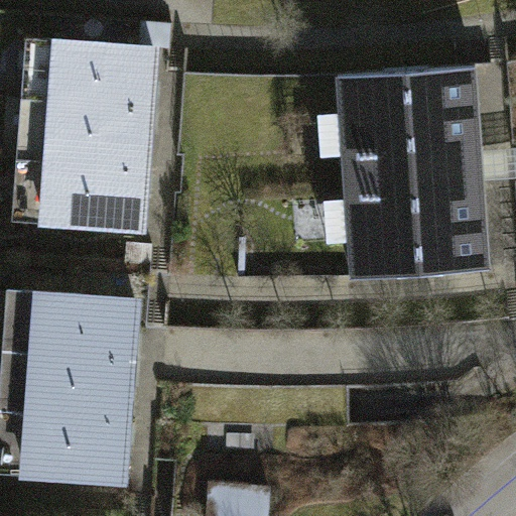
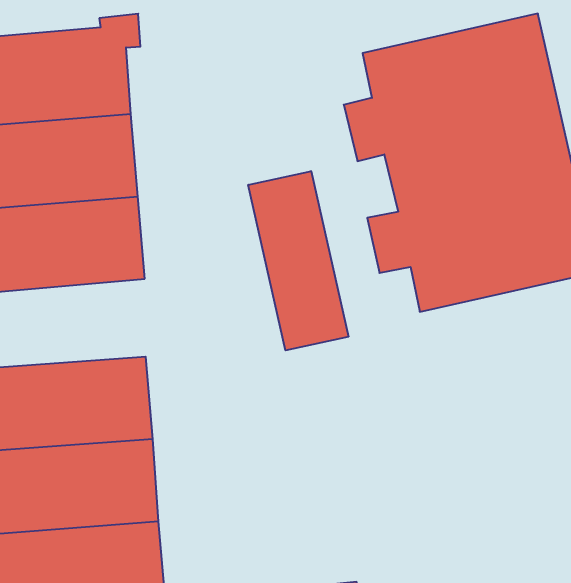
building: none -> [248,171,348,350]

